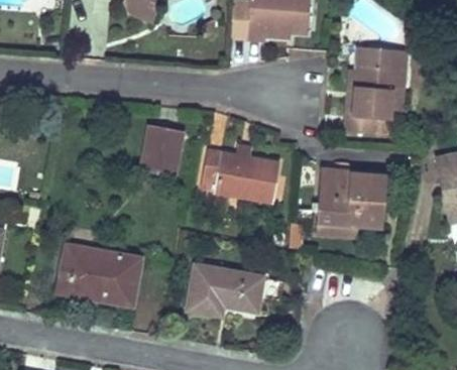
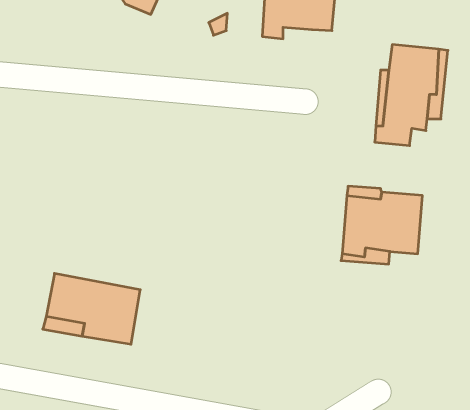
building: [142,125,183,177] -> none
building: [203,149,279,203] -> none
building: [188,265,263,315] -> none

